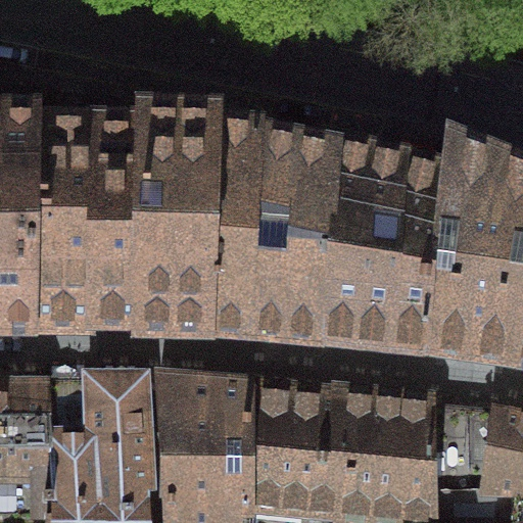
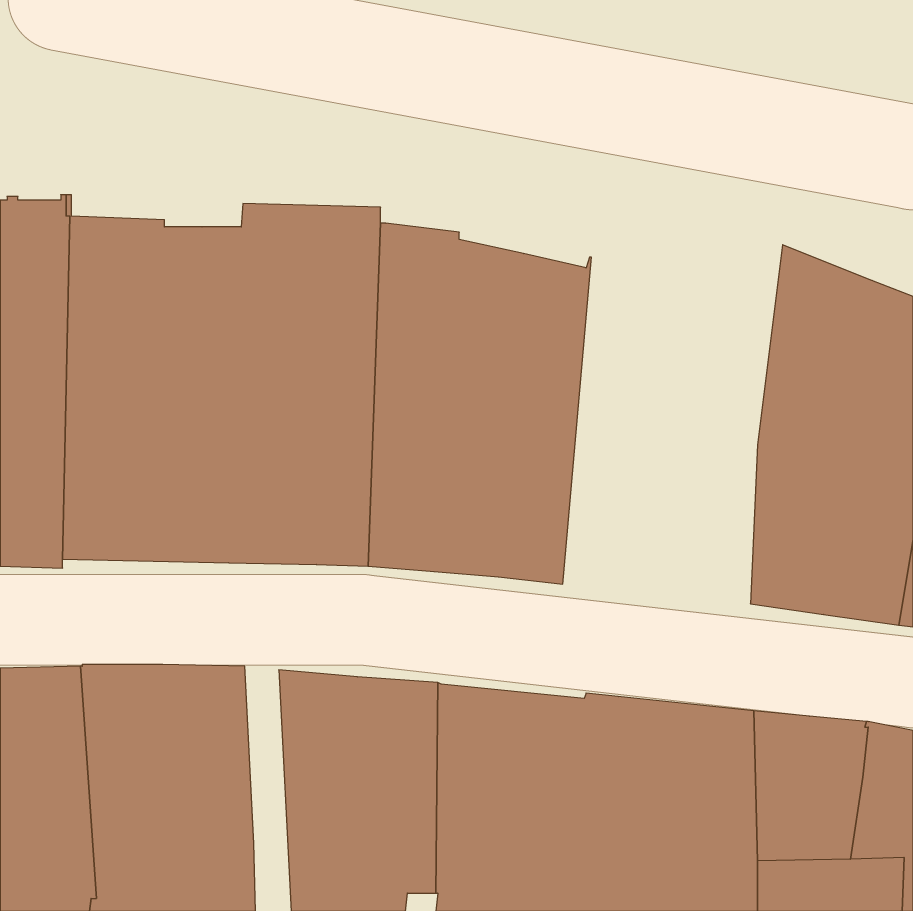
building: [322,138,447,345] -> none

